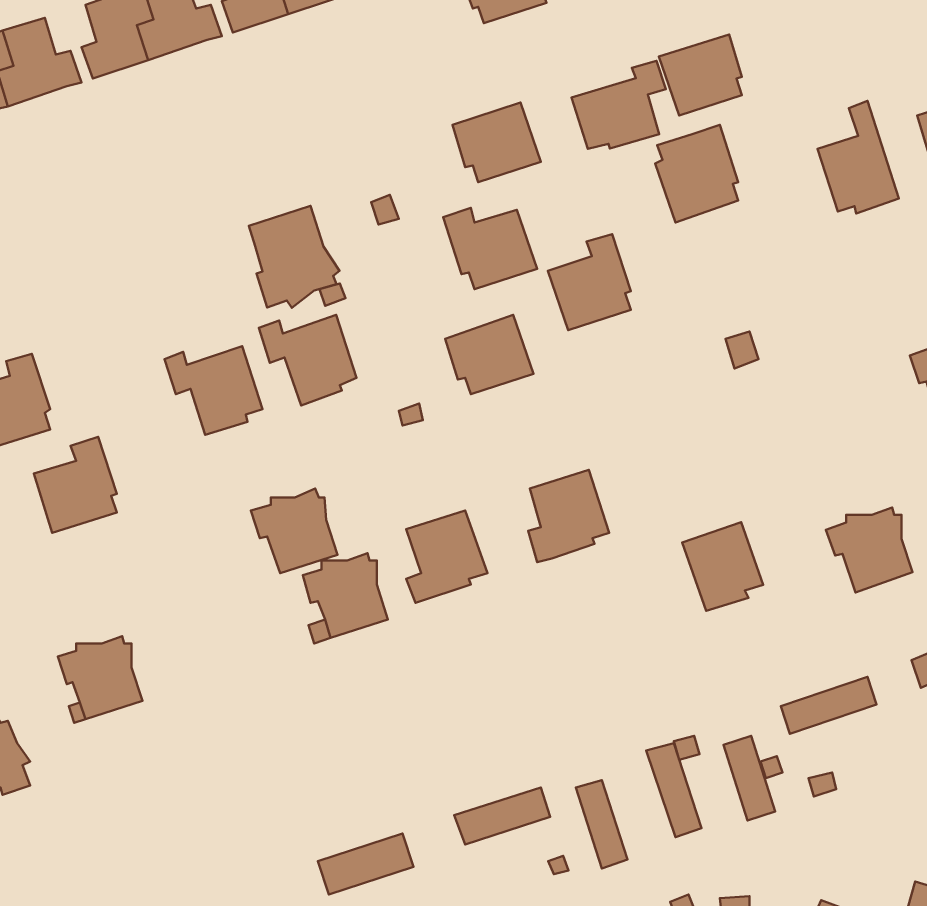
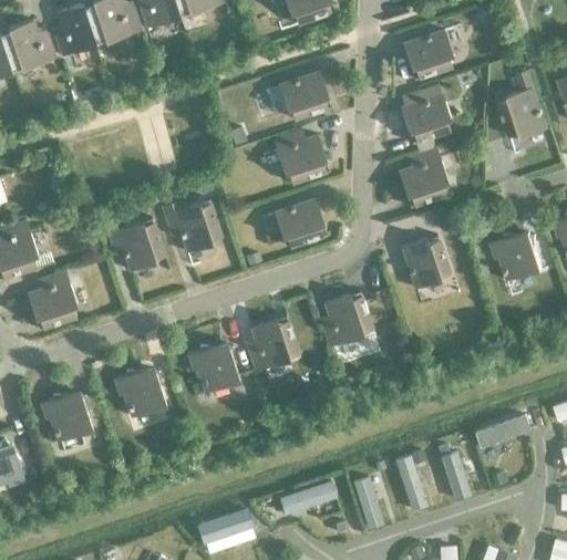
building: [572,61,666,149] -> none
building: [249,206,340,308] -> none
building: [548,234,631,330] -> [398,148,447,206]
building: [251,488,337,573] -> [114,365,166,416]
building: [826,508,913,592] -> [489,230,542,281]
building: [682,522,763,611] -> [401,235,450,288]

